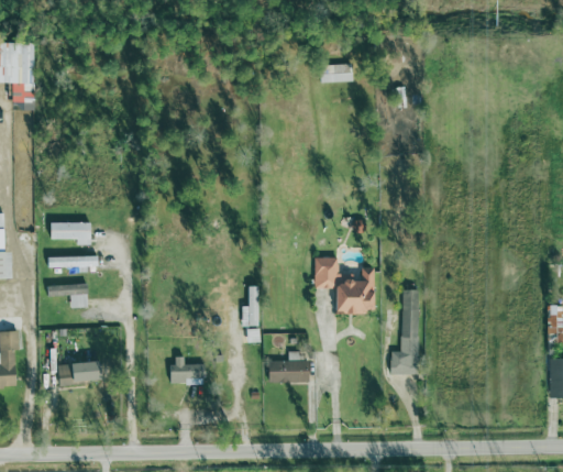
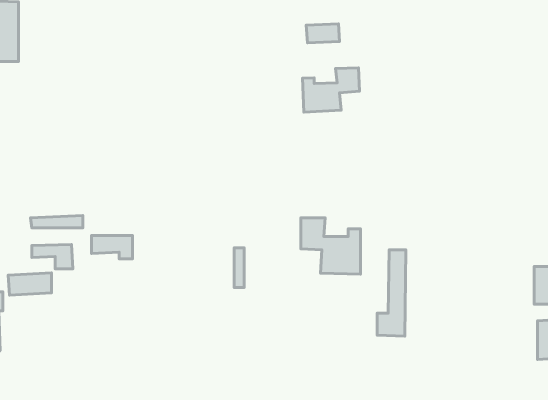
building: none -> [303,68,359,112]
building: [49,221,90,244] -> [92,236,132,259]
building: [268,351,309,383] -> none
building: [172,356,205,384] -> none
building: [57,361,100,383] -> [8,273,51,295]

